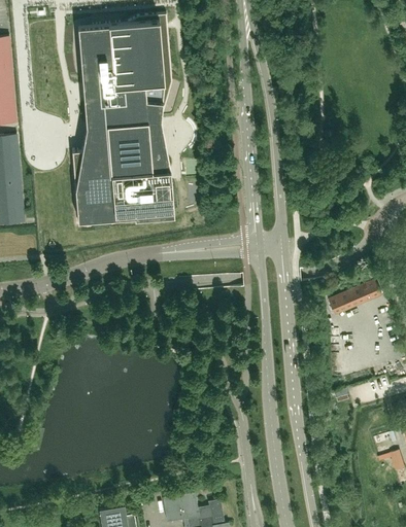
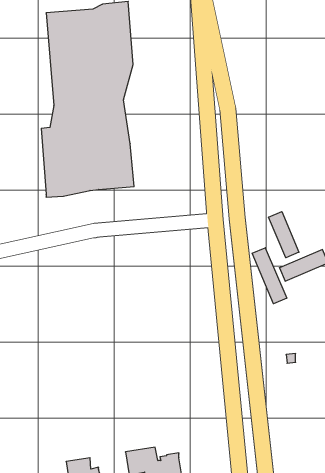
building: none -> [269,212,299,258]
building: none -> [252,248,287,304]

